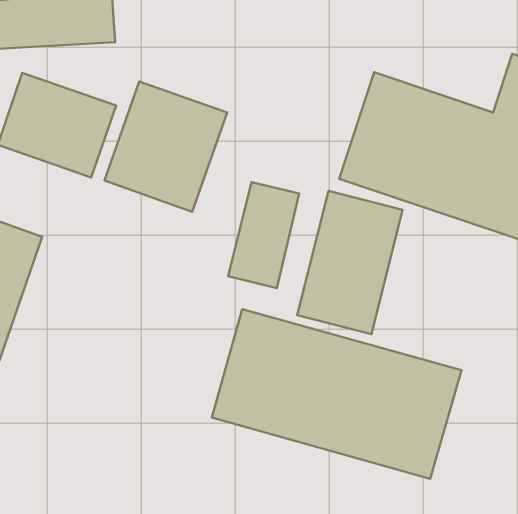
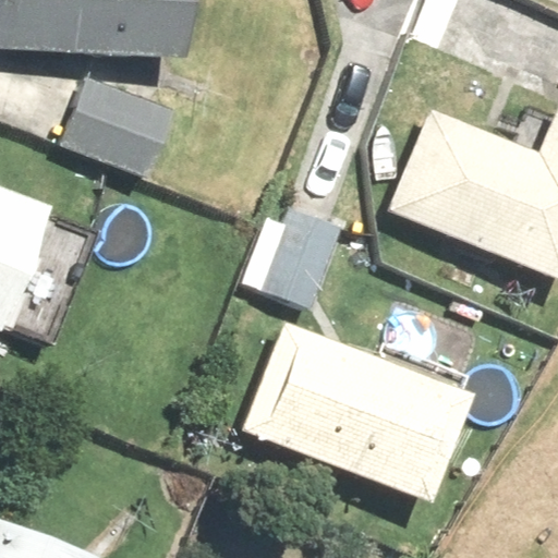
building: [105,81,227,212] -> none
building: [297,191,403,334] -> none

